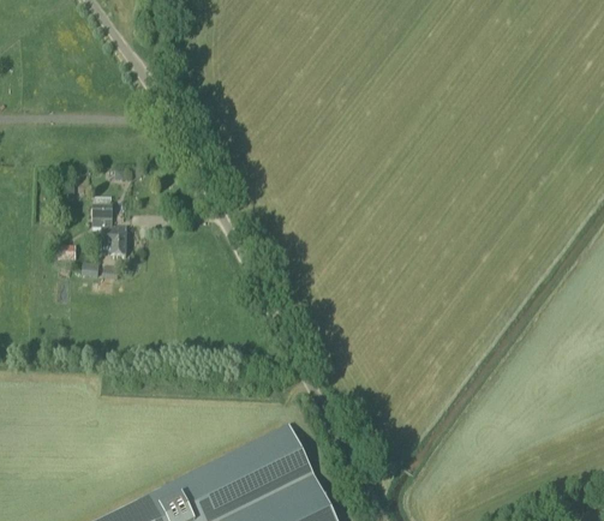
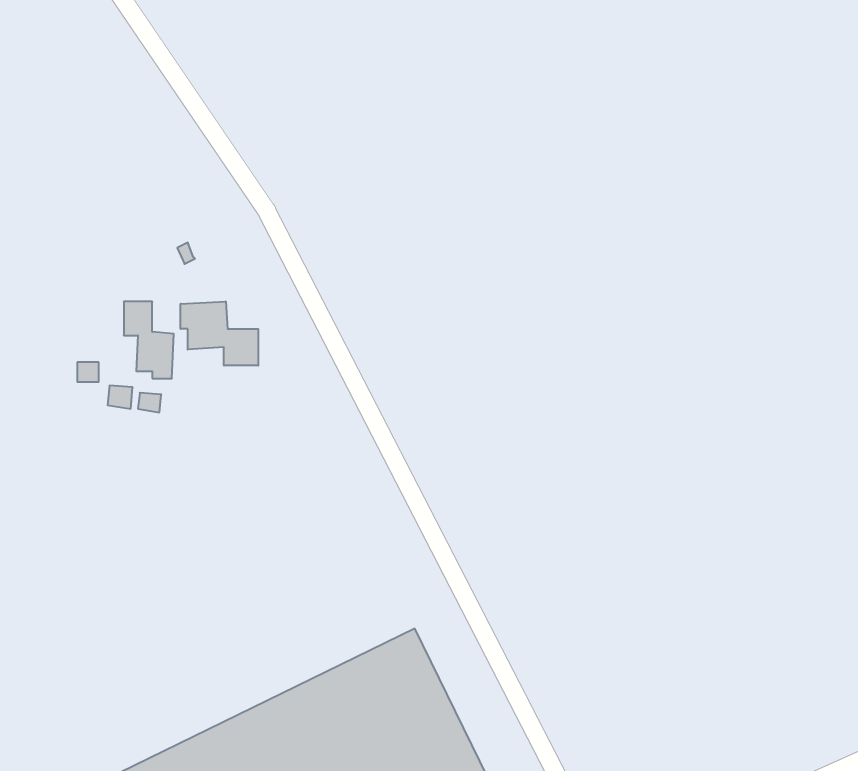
building: none -> [181,301,258,366]

